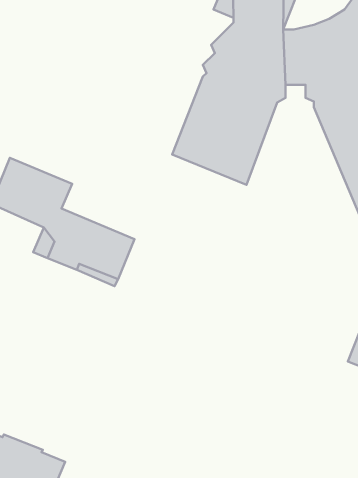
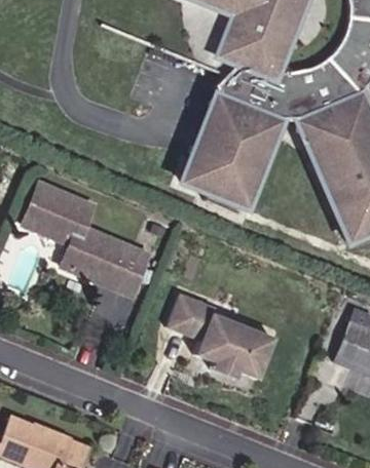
building: none -> [168,295,274,380]

